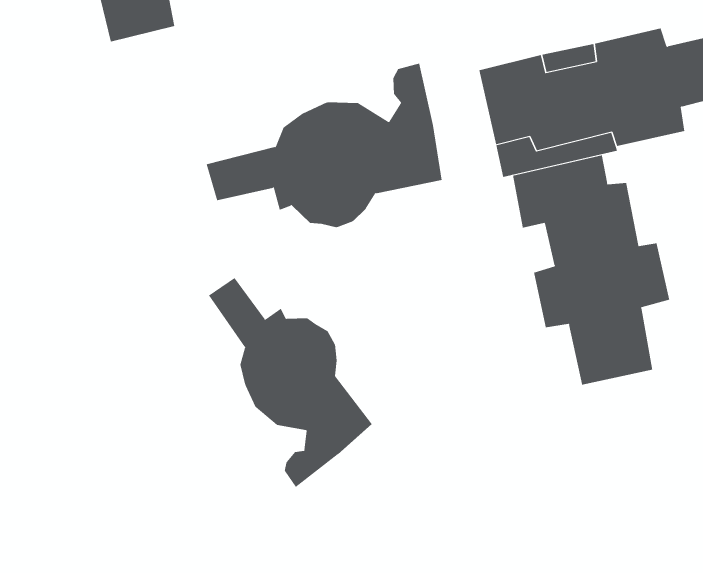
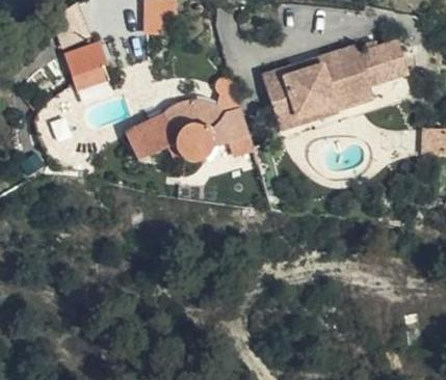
building: [512,155,670,386] -> none
building: [208,277,372,488] -> none

